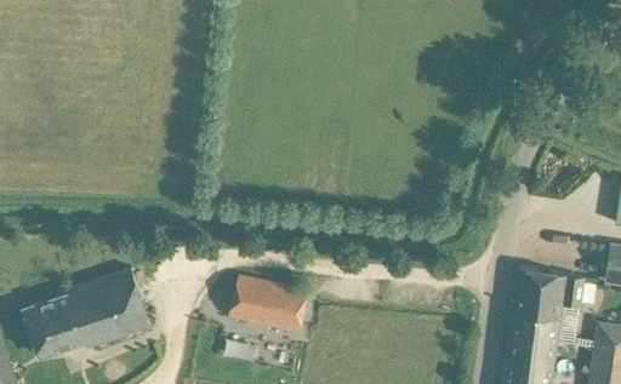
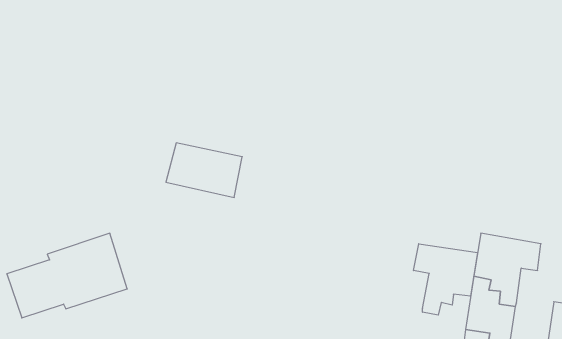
building: [228,276,308,333] -> [166,143,242,197]
building: none -> [414,244,478,315]

